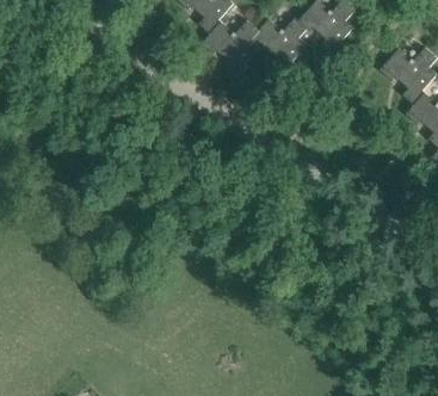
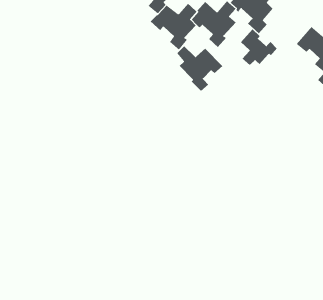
building: none -> [240,28,278,66]
building: none -> [176,45,223,92]

